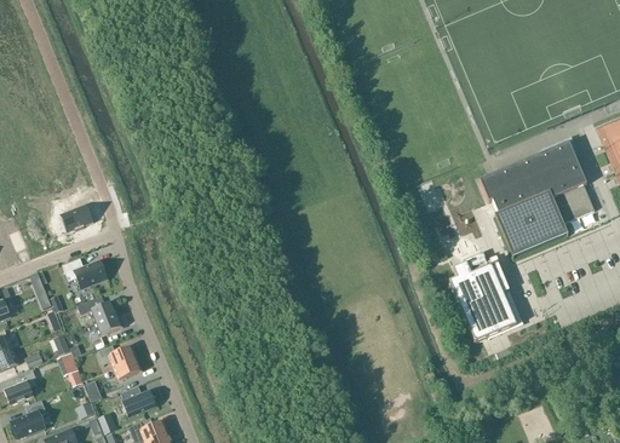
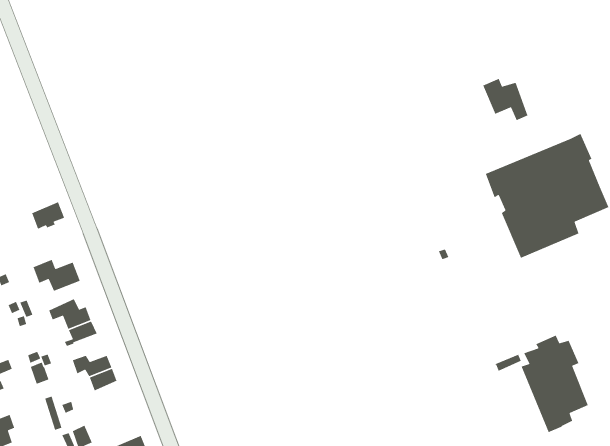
building: none -> [482,78,529,121]
building: [449,251,512,341] -> [521,335,589,433]
building: [120,384,155,415] -> none

